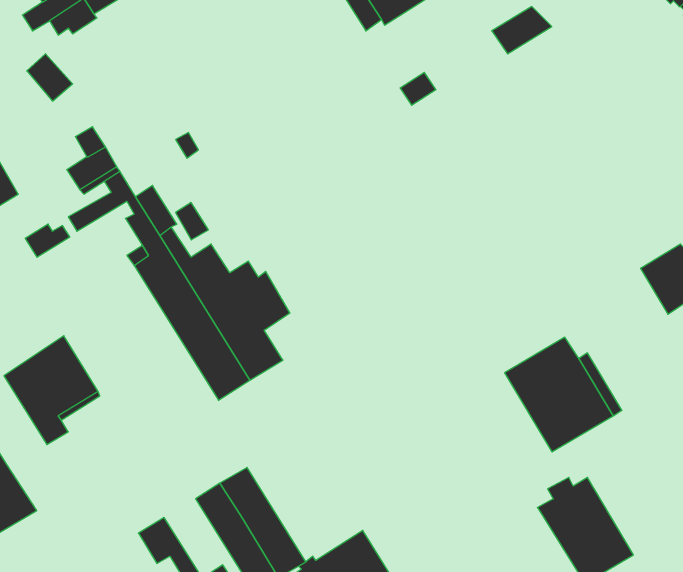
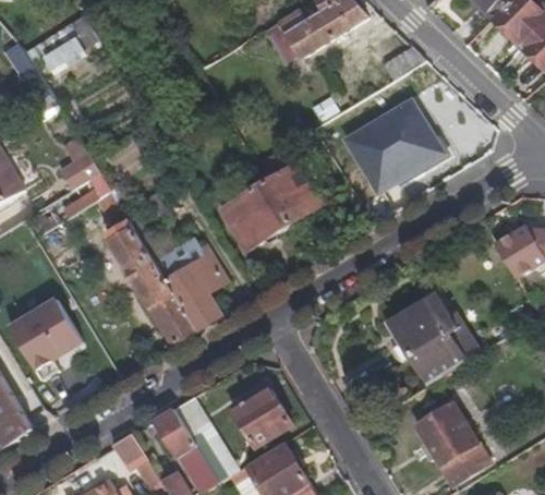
building: none -> [348,99,447,193]
building: none -> [225,146,322,251]
building: none -> [230,389,289,446]

